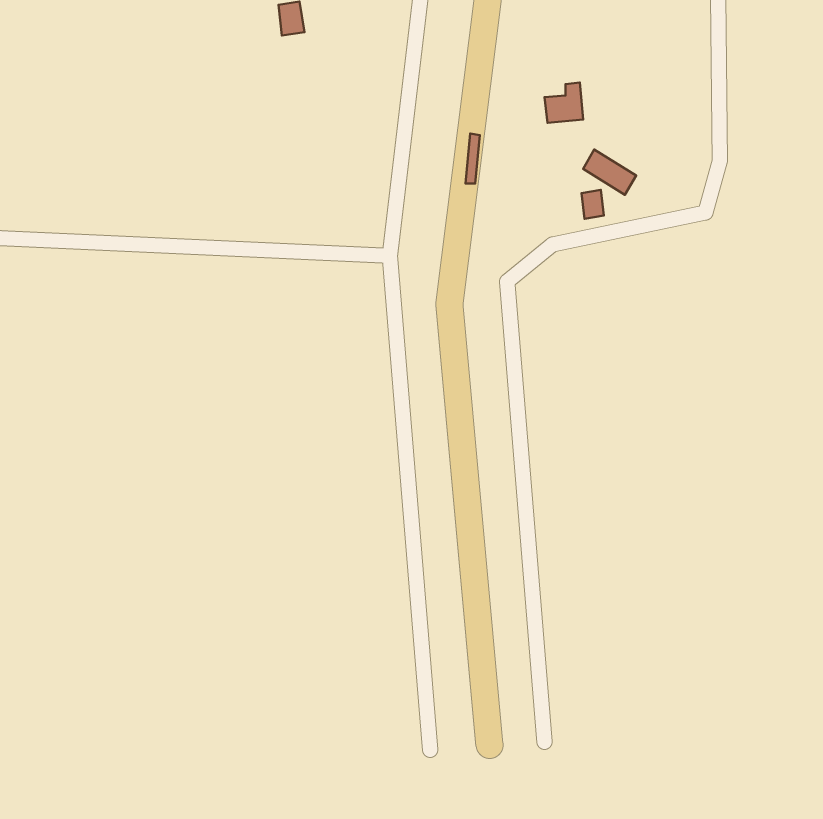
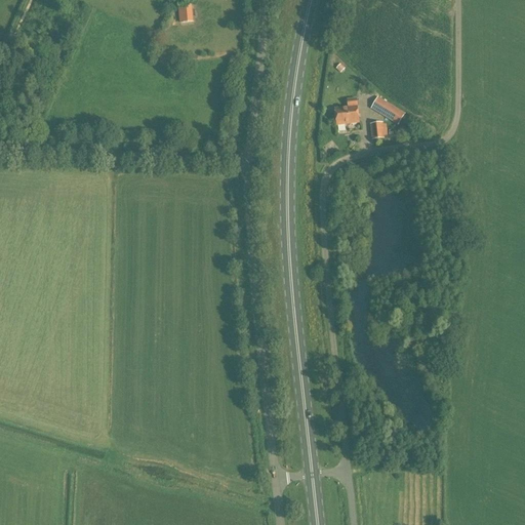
building: [544,83,583,123] -> [334,98,359,124]

